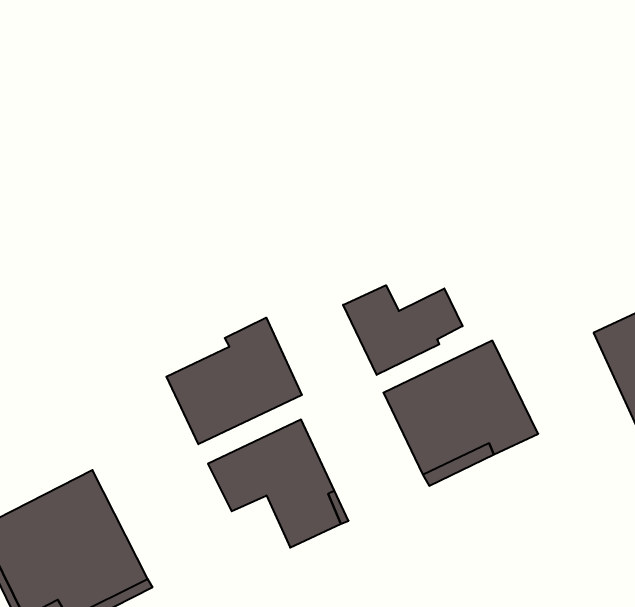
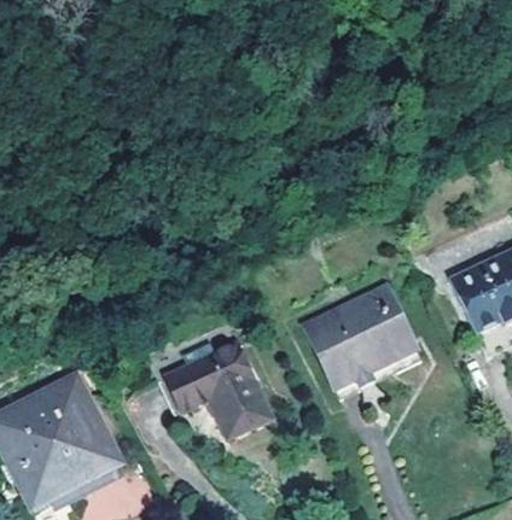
building: [343,285,463,375] -> none
building: [166,318,302,444] -> none

